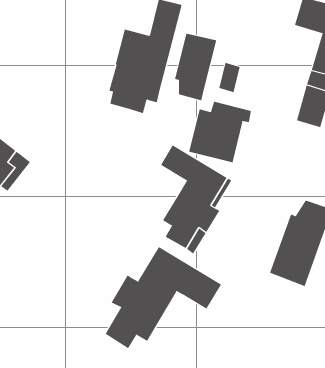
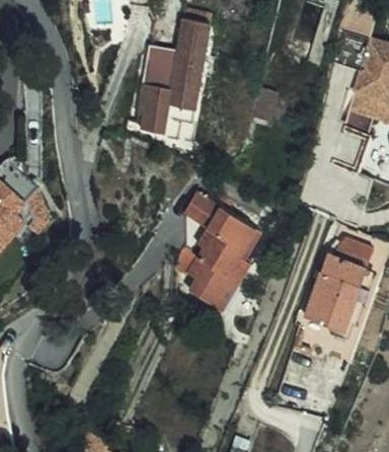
building: [174,33,217,101] -> none
building: [189,101,252,163] -> none
building: [105,246,222,349] -> none

